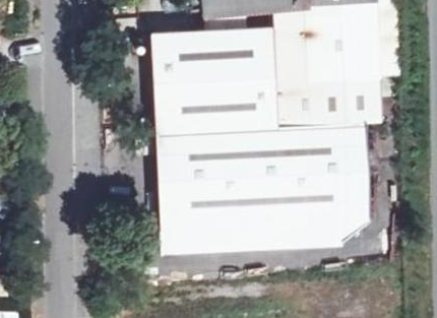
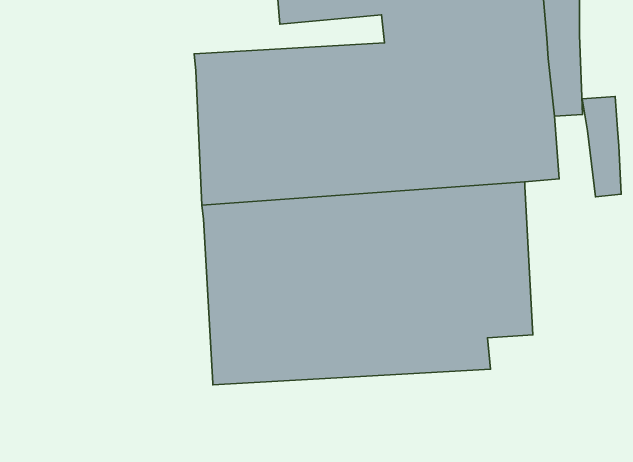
building: none -> [582,97,621,197]

